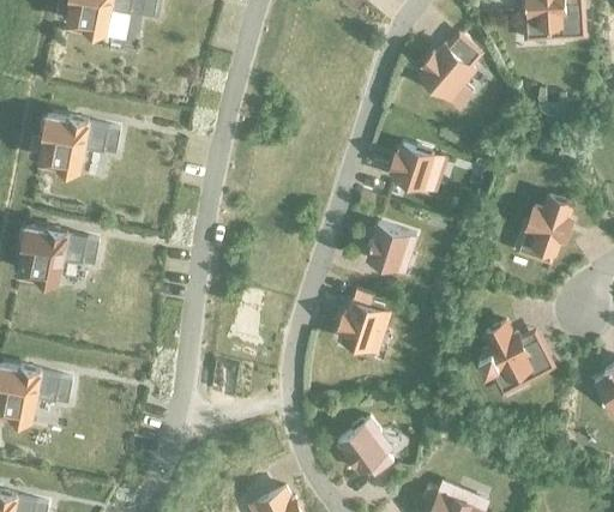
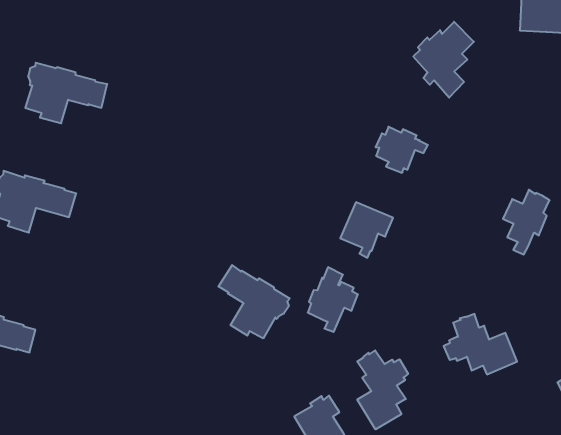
building: none -> [218,265,290,338]
building: none -> [357,350,408,429]

